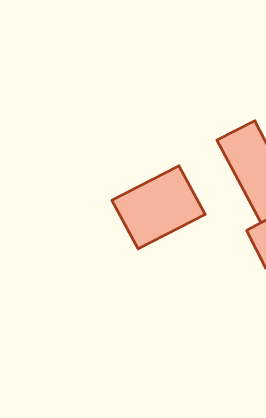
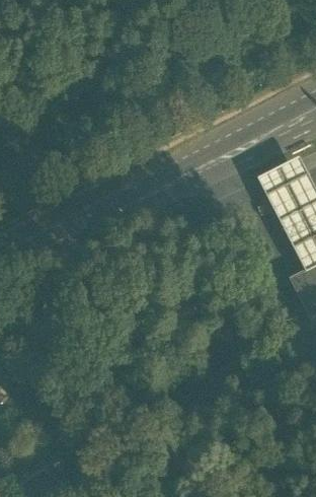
building: [112,166,205,249] -> none

